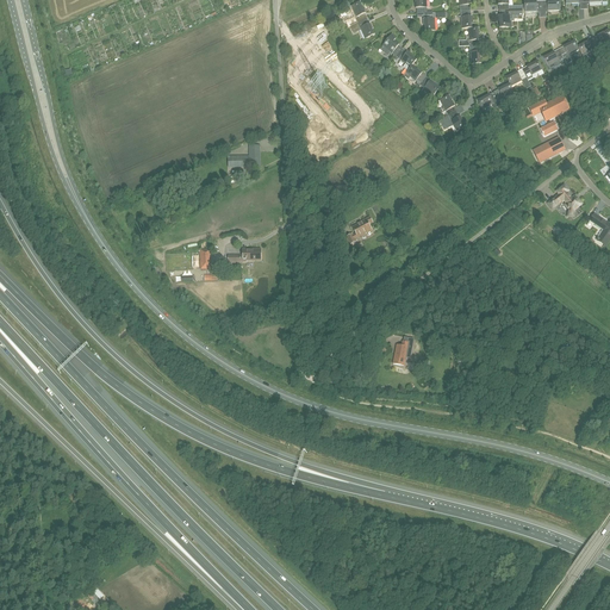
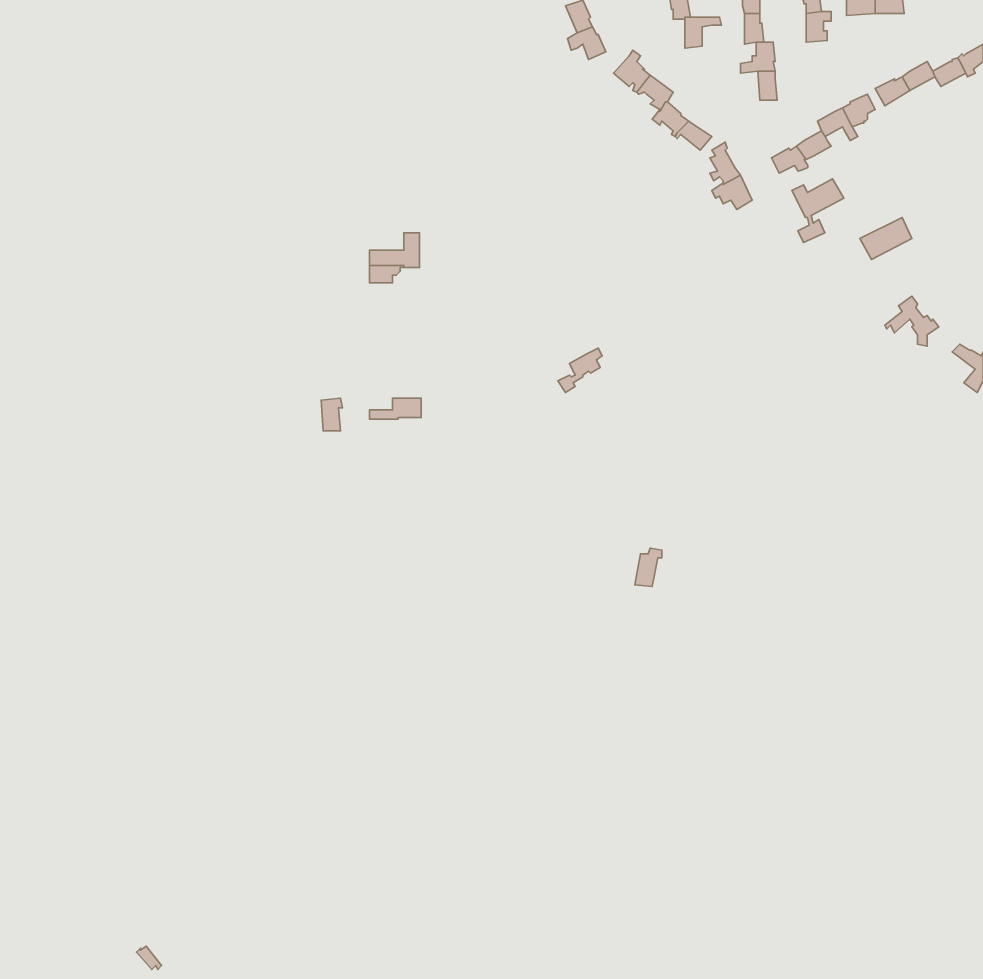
building: [537,94,569,133] -> [792,179,844,242]

